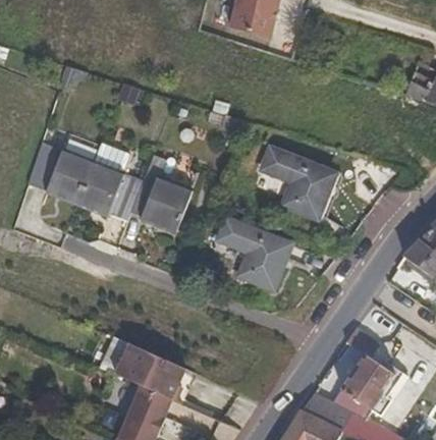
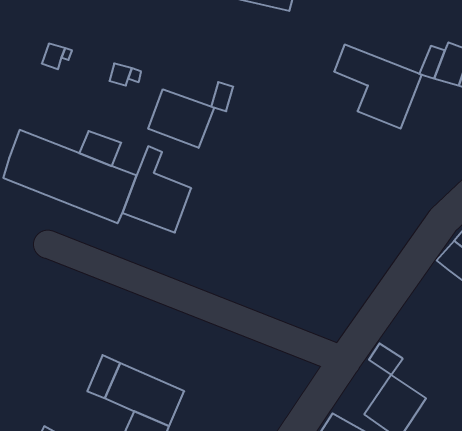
building: none -> [148,89,214,148]
building: [261,147,337,220] -> [334,45,422,129]
building: [216,217,293,291] -> none

